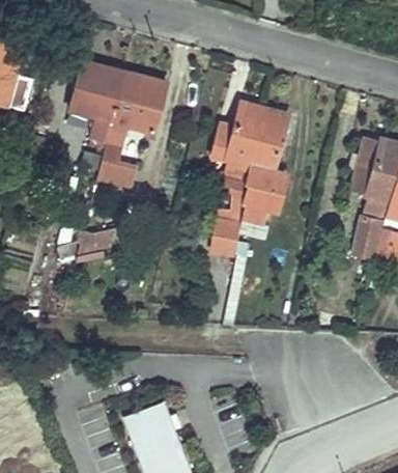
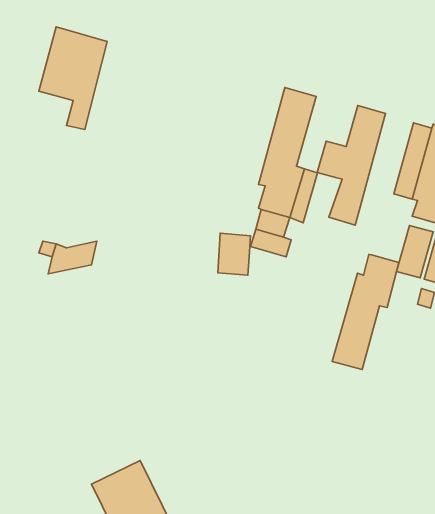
building: [97,72,167,188] -> none
building: [210,102,264,196] -> [317,106,385,225]
building: none -> [332,255,399,370]

